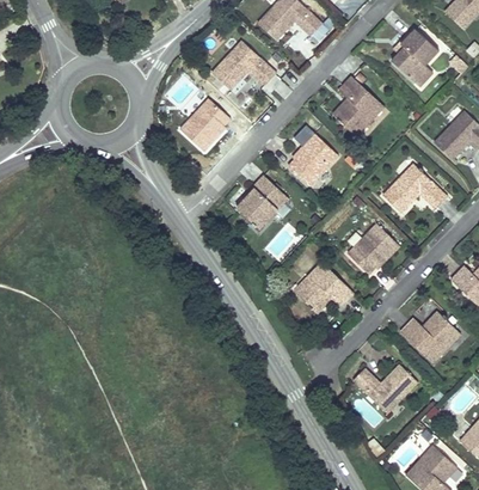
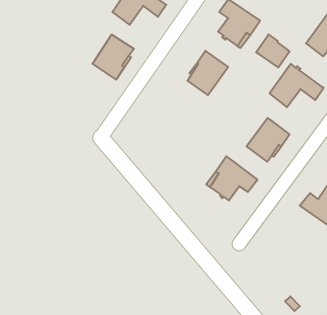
building: none -> [256,34,290,68]
building: [235,174,288,228] -> none
building: [352,363,417,412] -> none

